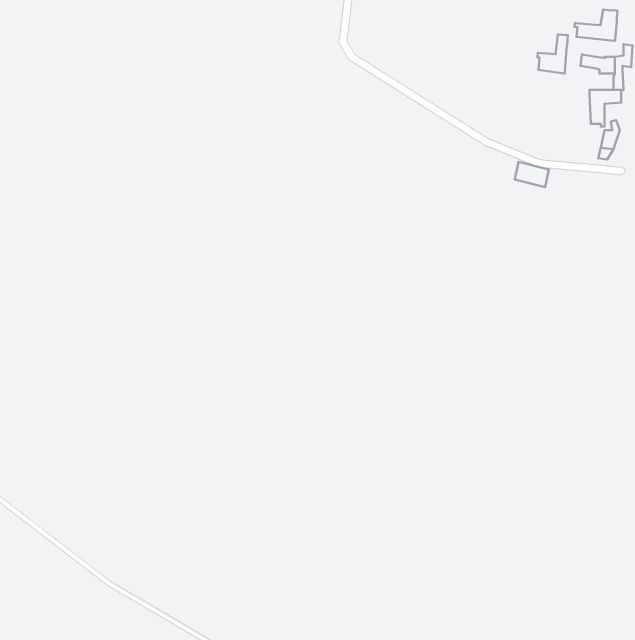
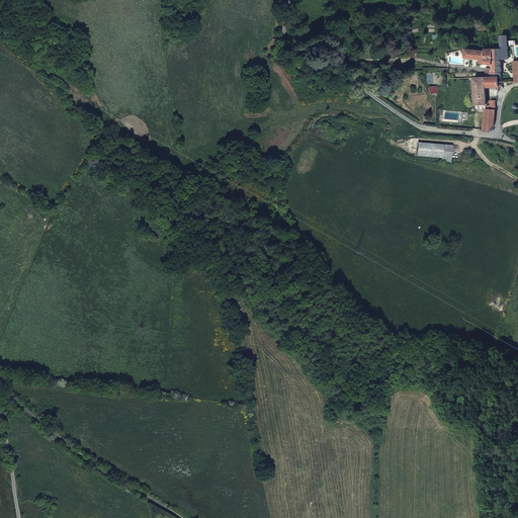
building: [574,10,618,41] -> none
building: [537,35,568,73] -> none

